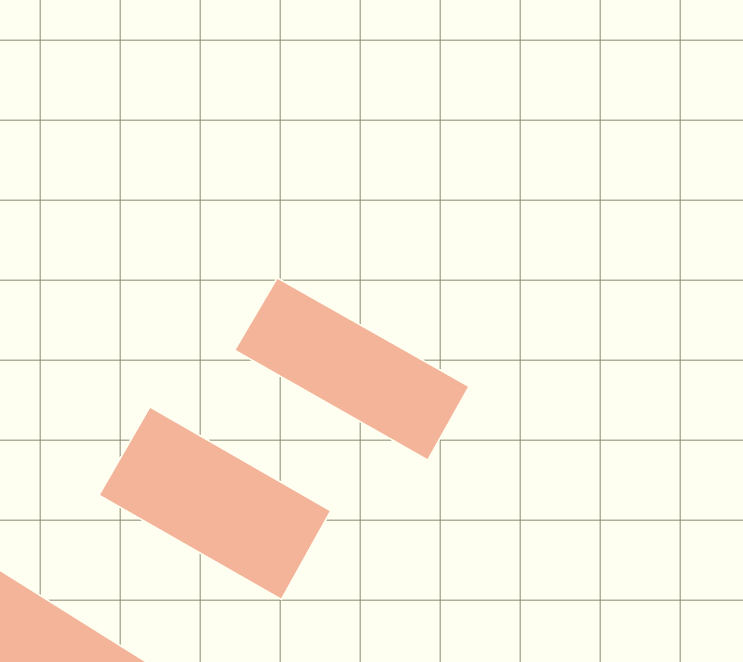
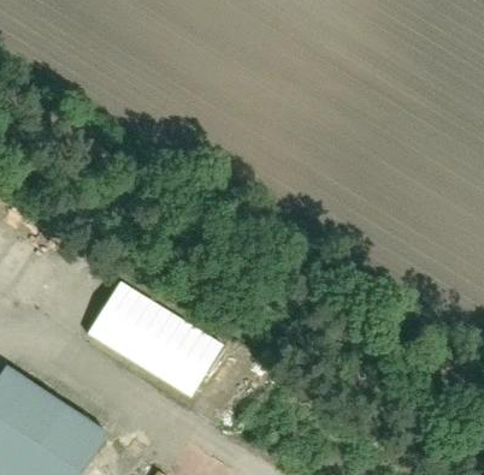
building: [235,278,469,460] -> none

